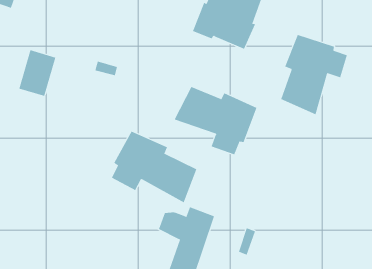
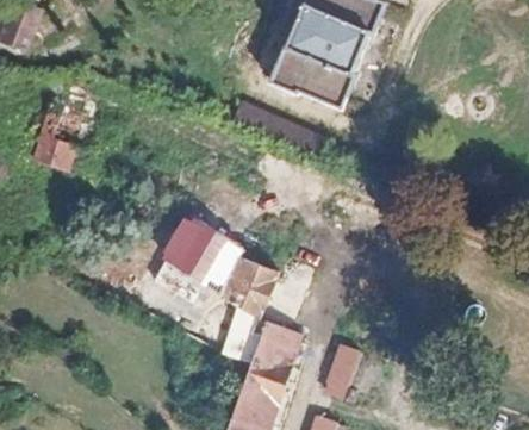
building: [281,34,348,115] -> none
building: [174,86,257,155] -> none

